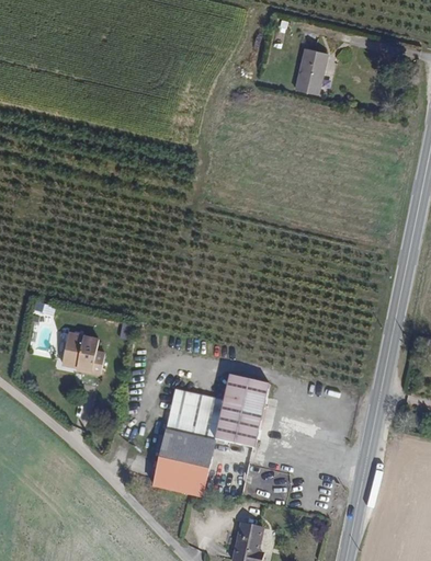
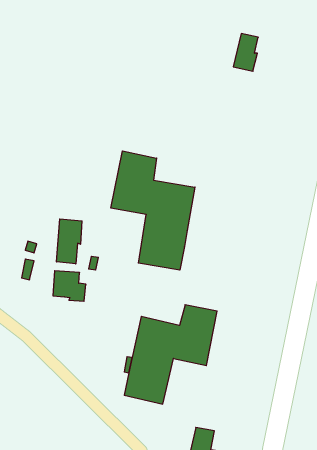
building: none -> [111,151,195,270]
building: none -> [57,219,82,264]

